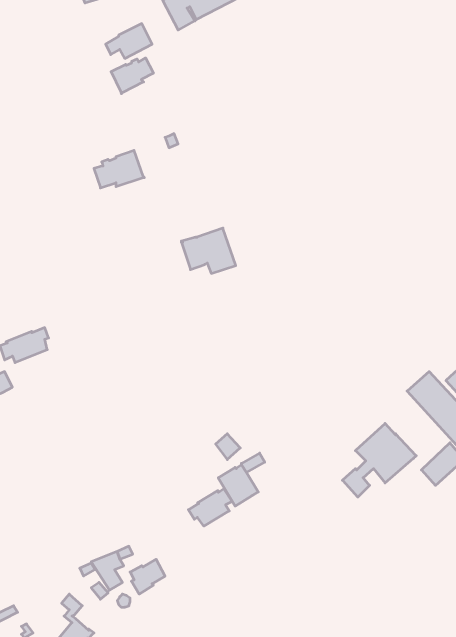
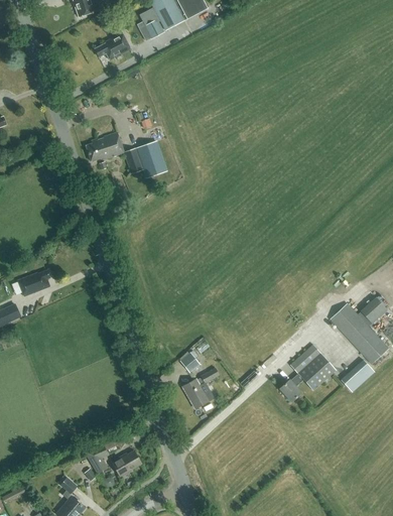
building: [111,58,153,94] -> none
building: [181,228,236,273] -> [124,141,166,176]
building: [188,488,232,526] -> none

